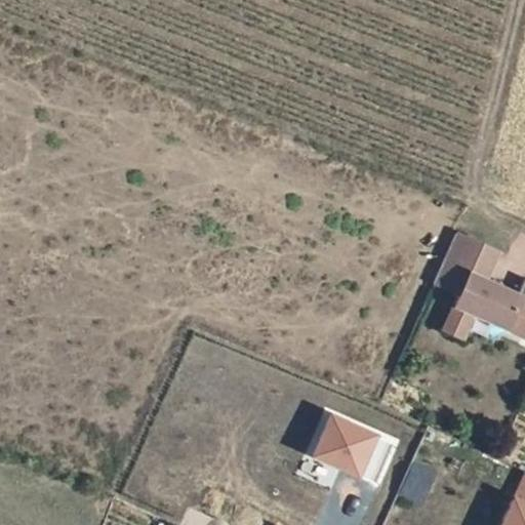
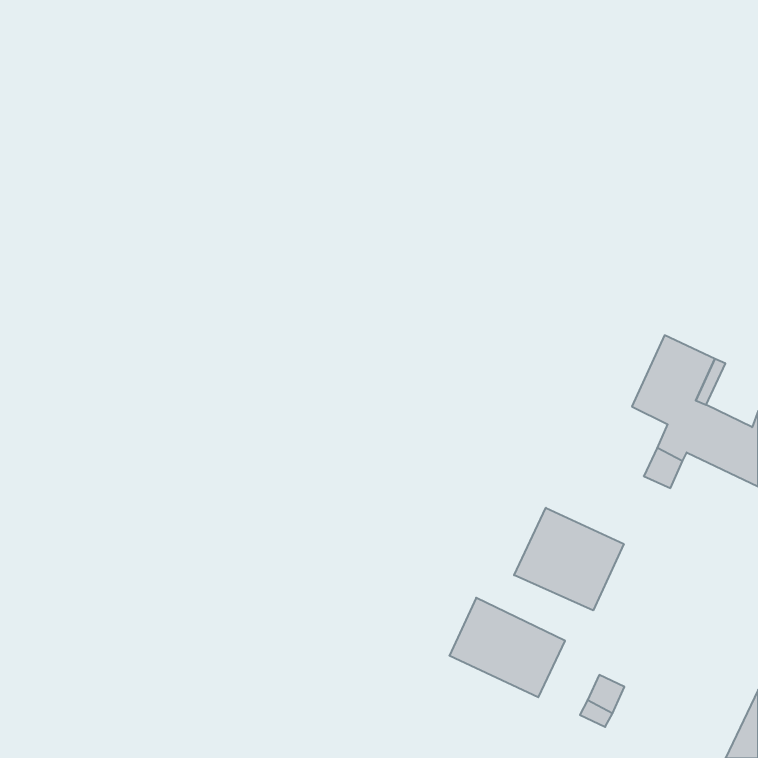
building: none -> [514,508,624,610]

